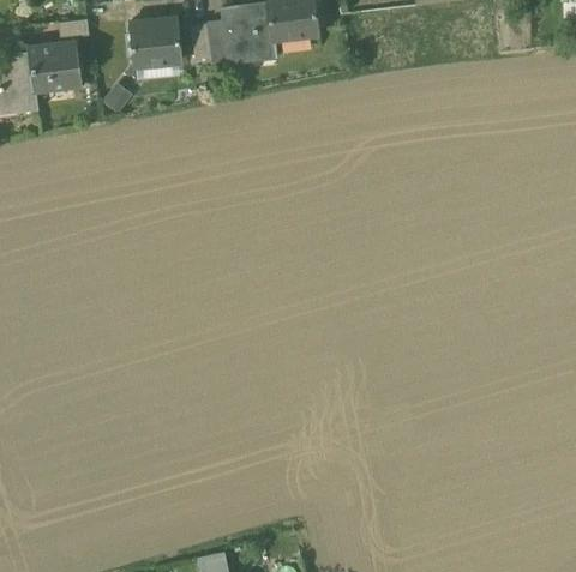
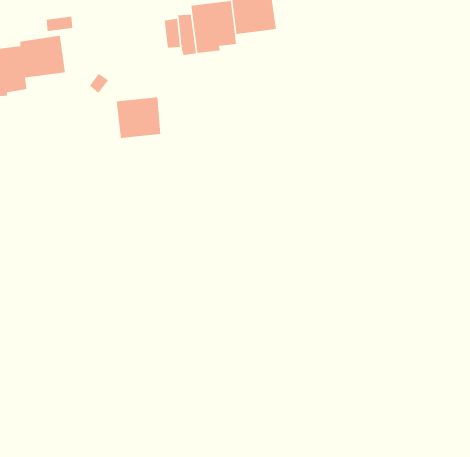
building: [131,19,182,67] -> [116,97,161,139]

